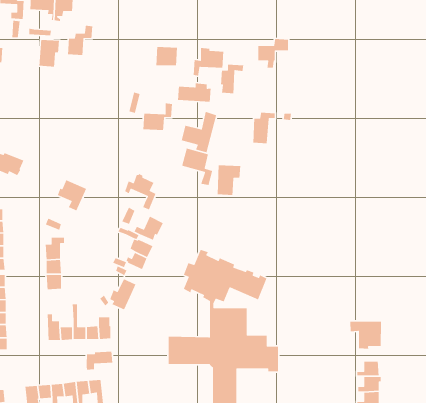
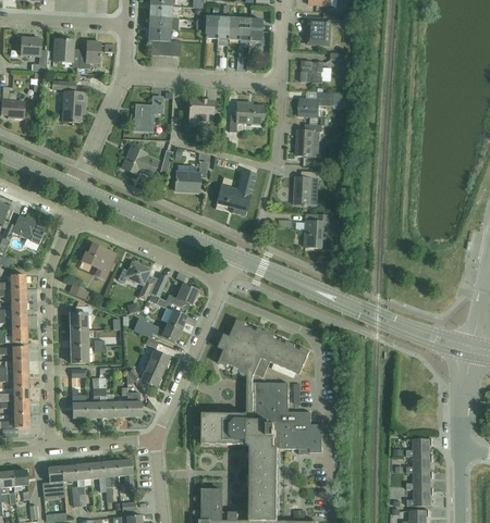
building: none -> [299,61,323,84]
building: [67,25,93,56] -> [134,97,162,130]
building: [220,64,244,94] -> [296,124,322,157]
building: [177,82,212,103] -> none
building: none -> [122,148,157,175]
building: [181,148,213,186] -> none
building: [217,165,241,196] -> [304,214,330,248]
building: [124,173,156,211] -> [118,260,152,300]
building: [350,321,382,349] -> none
building: [86,351,113,371] -> none

